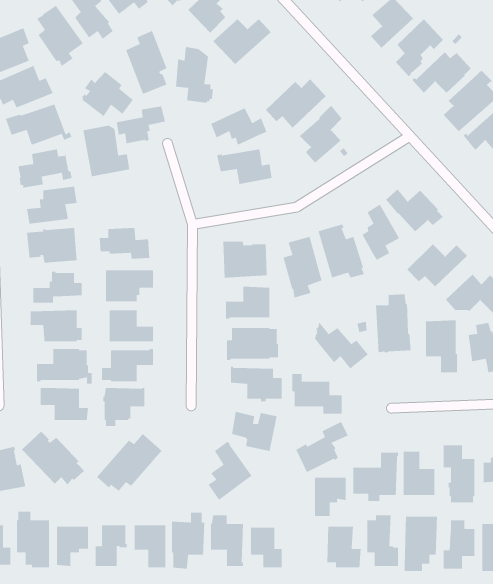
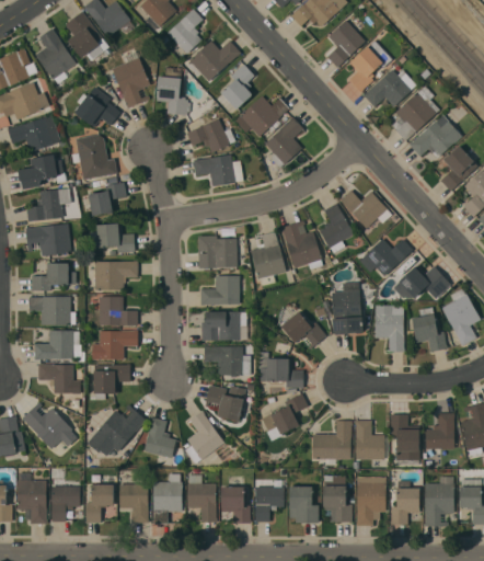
building: none -> [217,65,258,110]
building: [116,105,166,144] -> [83,182,127,216]
building: none -> [145,416,176,458]
building: [314,477,347,517] -> [256,486,285,522]

